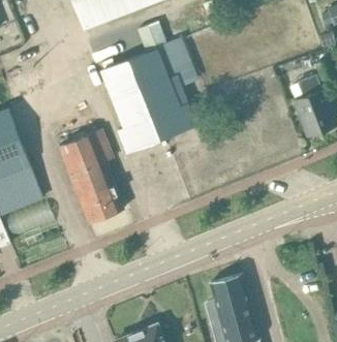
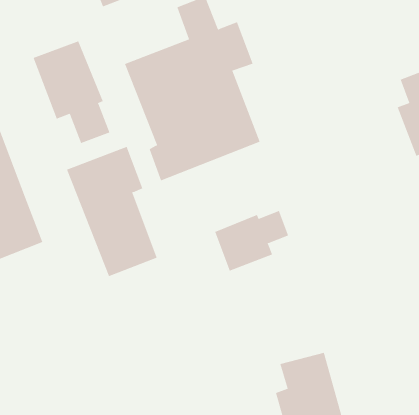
building: none -> [33,41,110,144]
building: none -> [215,210,289,271]

